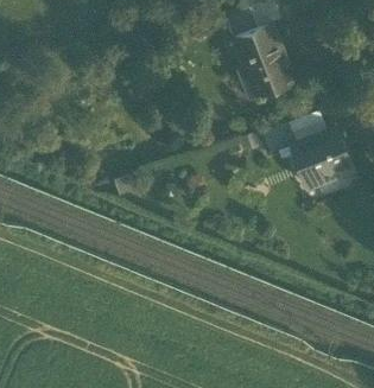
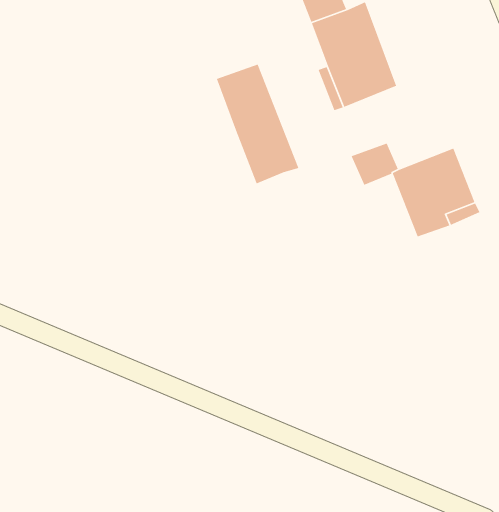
building: none -> [216,63,299,185]

